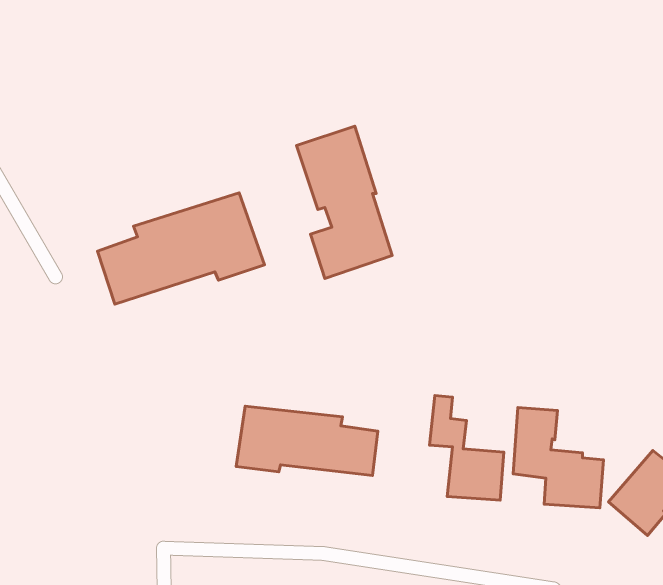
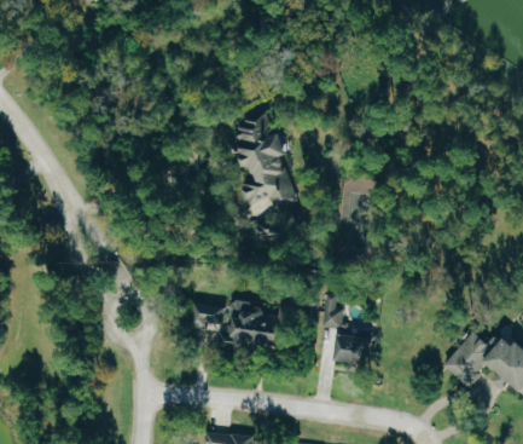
building: [98,193,265,304] -> none
building: [513,408,604,508] -> none

